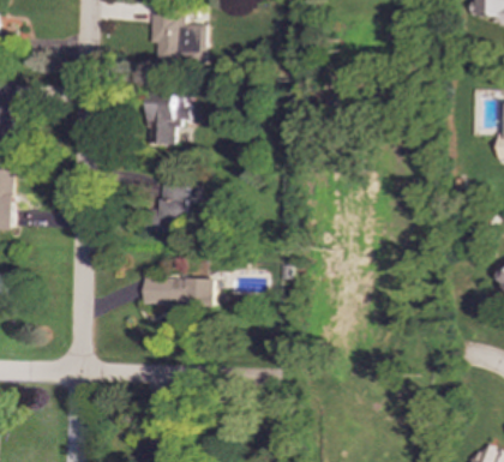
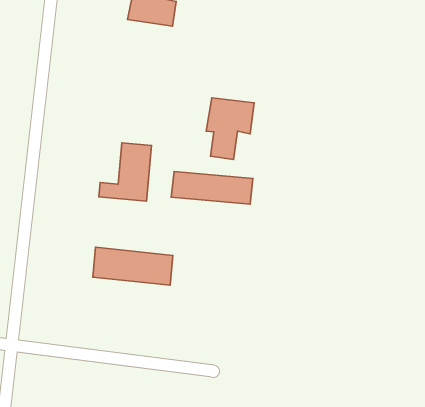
building: [149,90,191,145] -> [206,98,254,160]
building: none -> [171,172,253,204]

